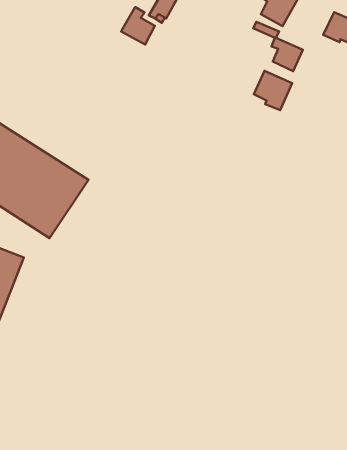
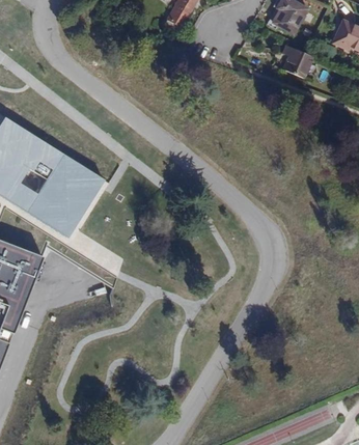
building: [121,7,155,45] -> none
building: [254,71,292,110] -> none

